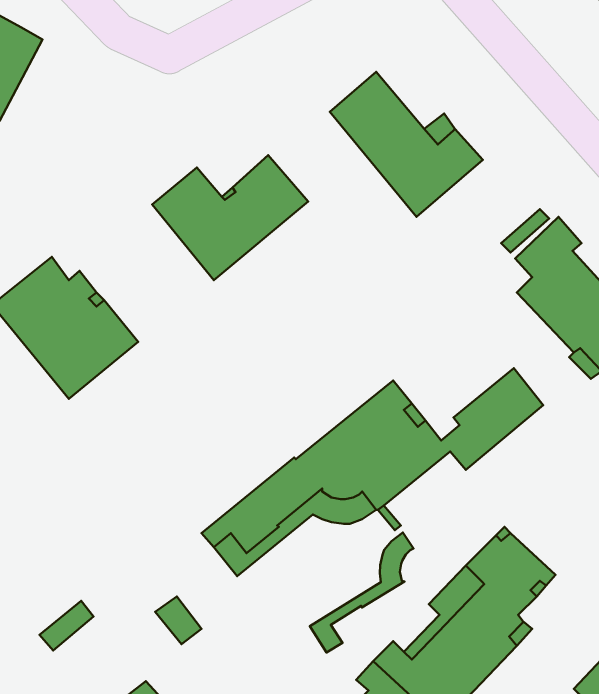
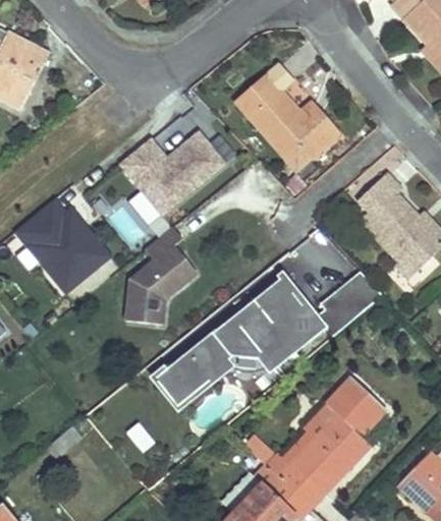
building: none -> [126,225,197,324]
building: [310,532,414,653] -> none

